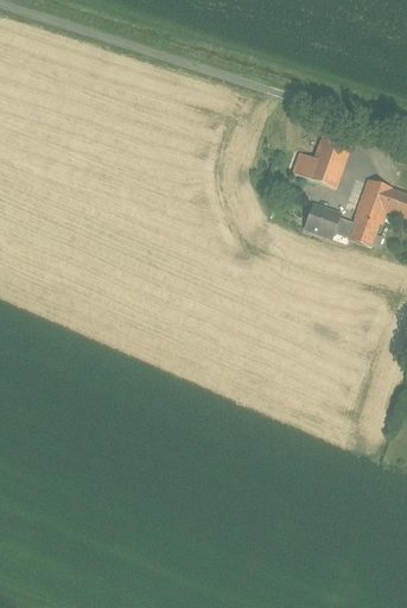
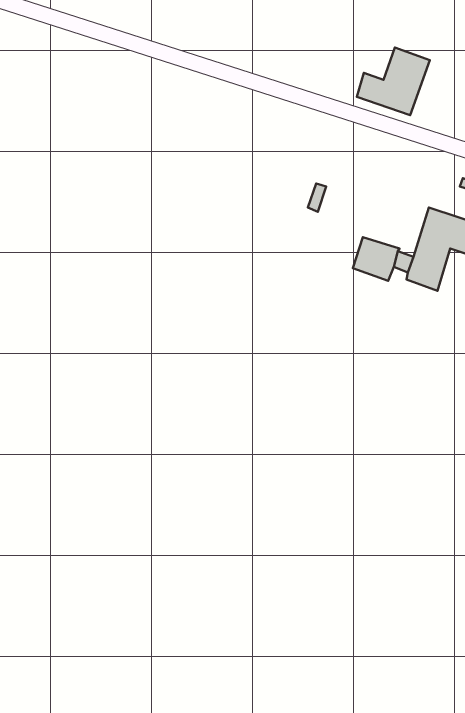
building: [291,131,352,188] -> [357,48,430,115]

